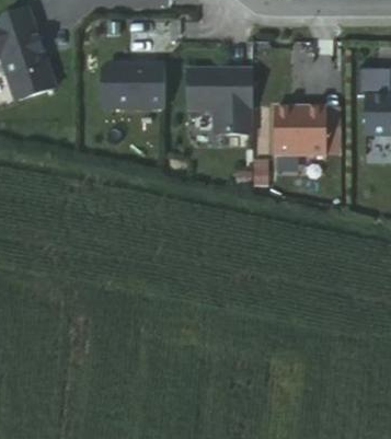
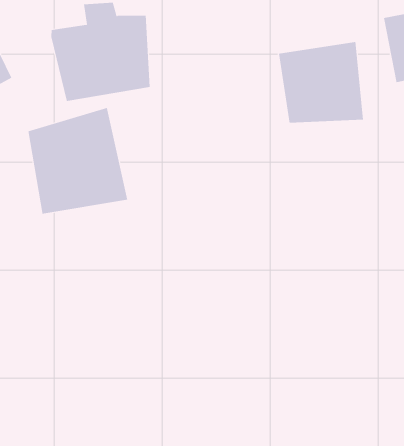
building: [179,60,253,139] -> none
building: none -> [28,107,128,215]

